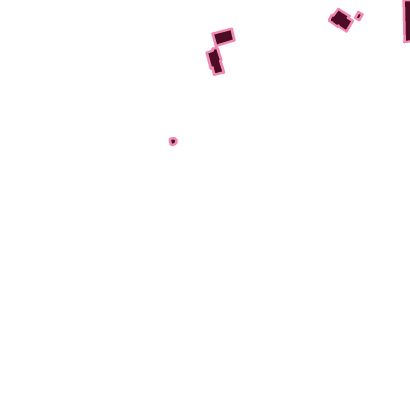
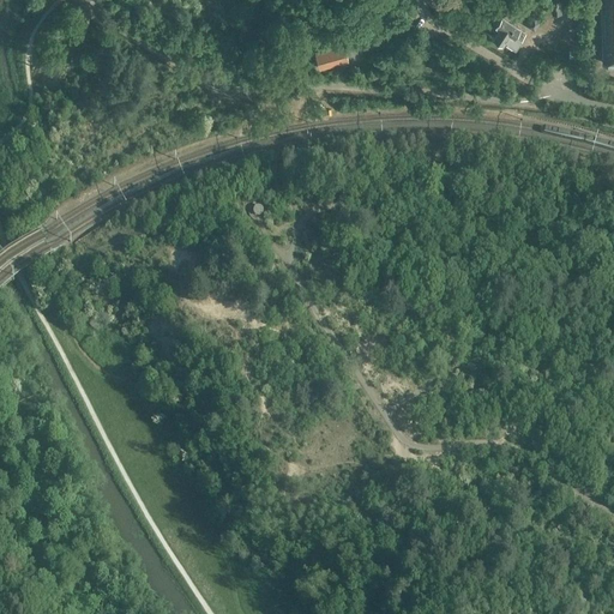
building: [207,48,224,75] -> none

